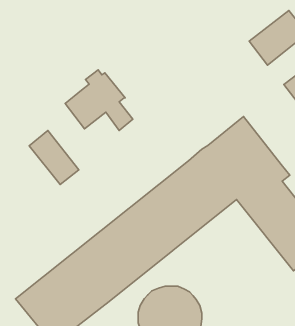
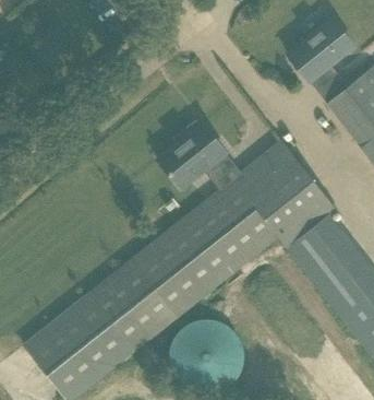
building: [65,70,133,131] -> [160,120,237,189]
building: [29,130,79,185] -> none

